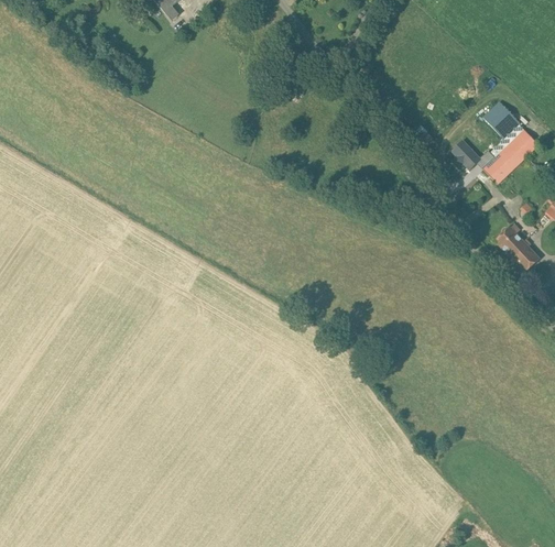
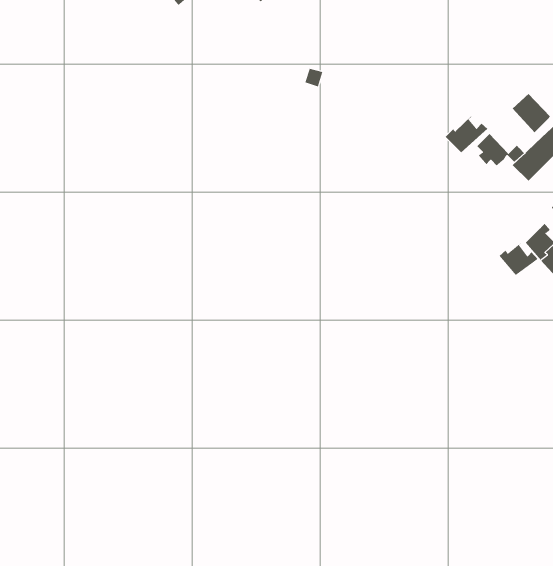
building: none -> [445,115,488,153]
building: none -> [499,242,538,276]

